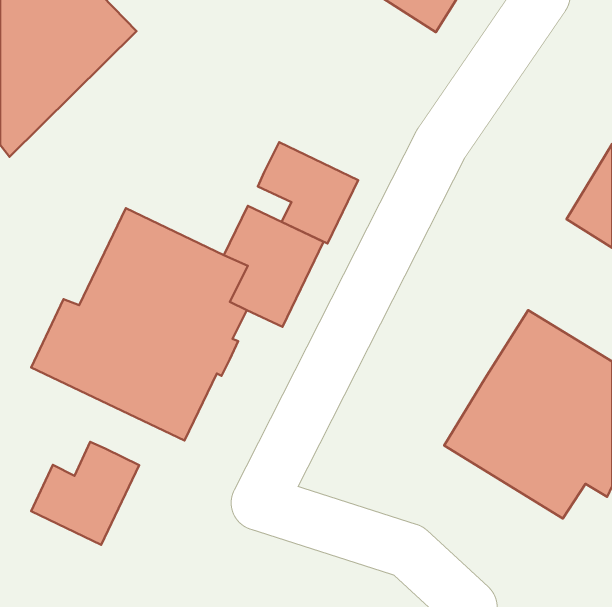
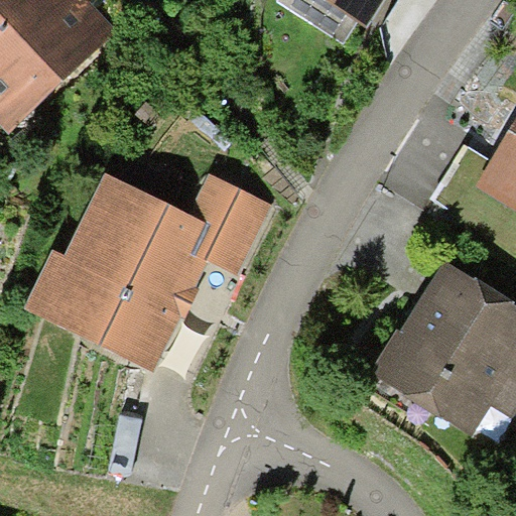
building: [258,142,358,244] -> none
building: [31,442,139,545] -> none

